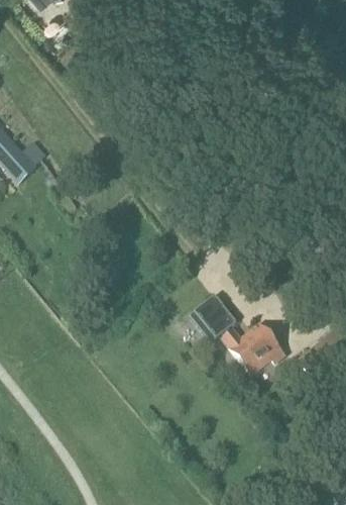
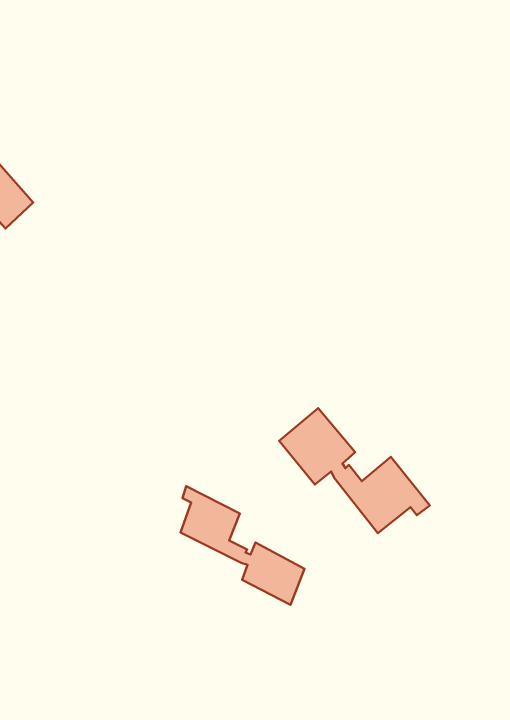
building: none -> [180,486,305,605]

